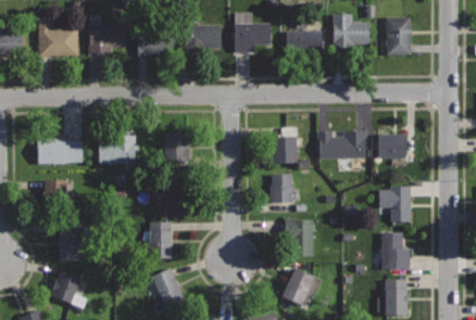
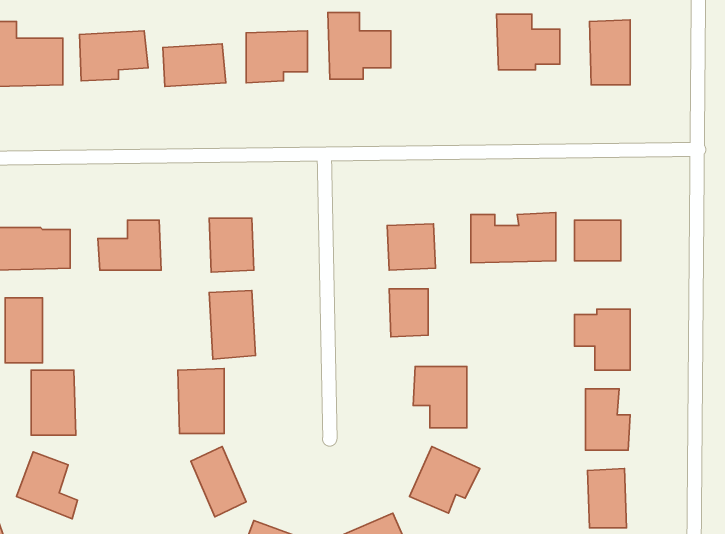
building: [286,31,322,52] -> none

